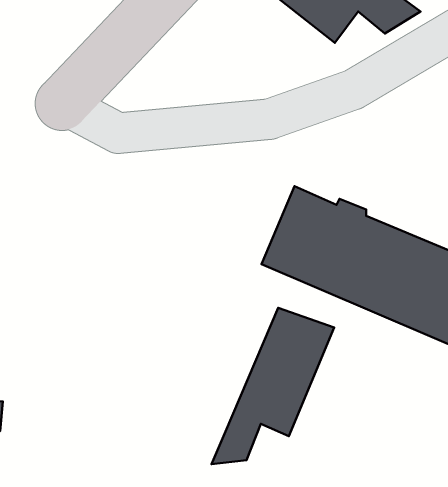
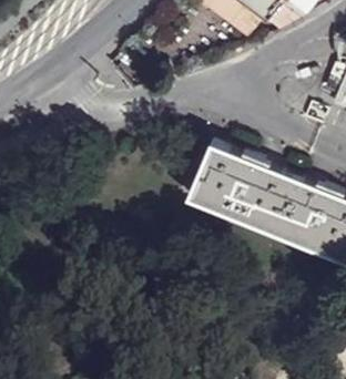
building: [211,308,334,464] -> none

